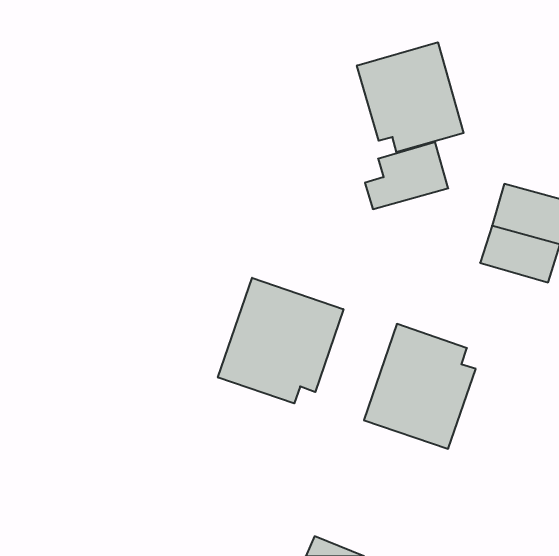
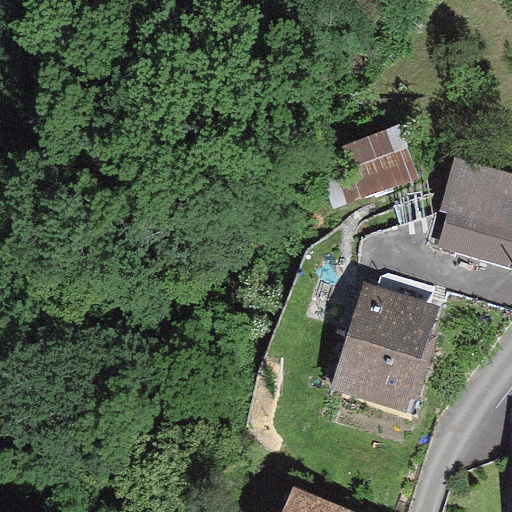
building: [357,42,464,152] -> none
building: [218,278,343,403] -> none

